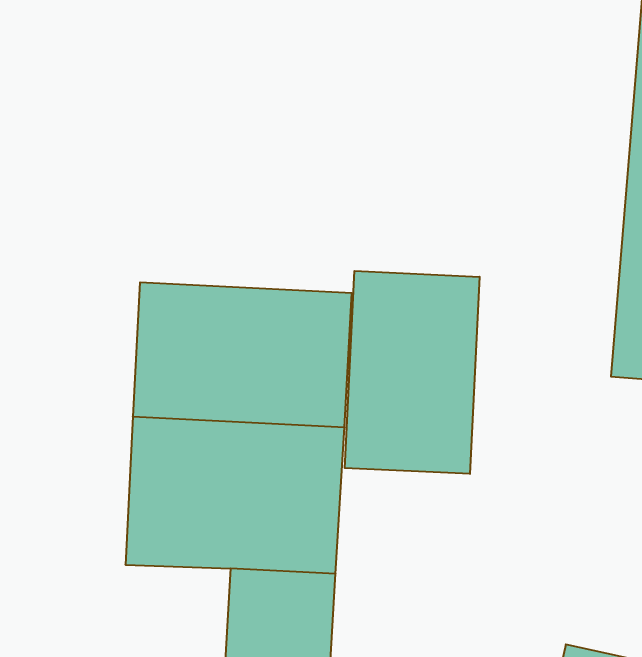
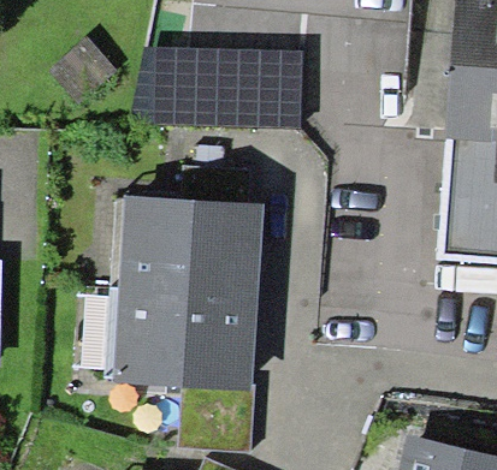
building: none -> [129,44,302,127]
building: [345,271,480,474] -> none

